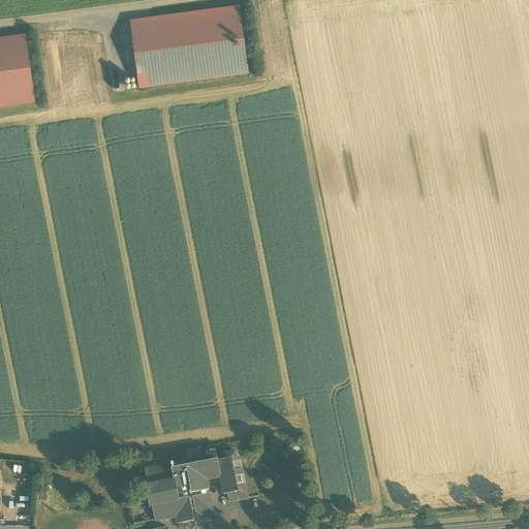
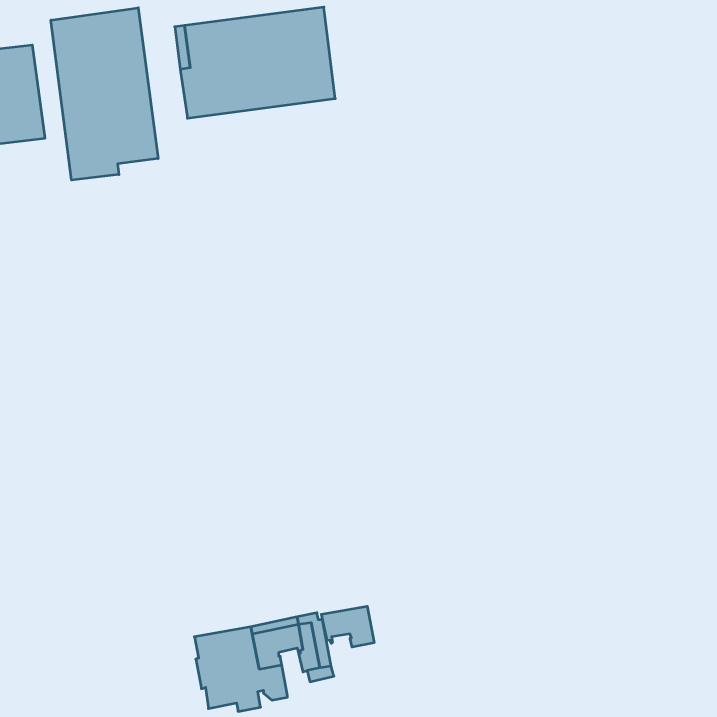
building: none -> [51,8,158,180]
building: none -> [321,606,374,647]

